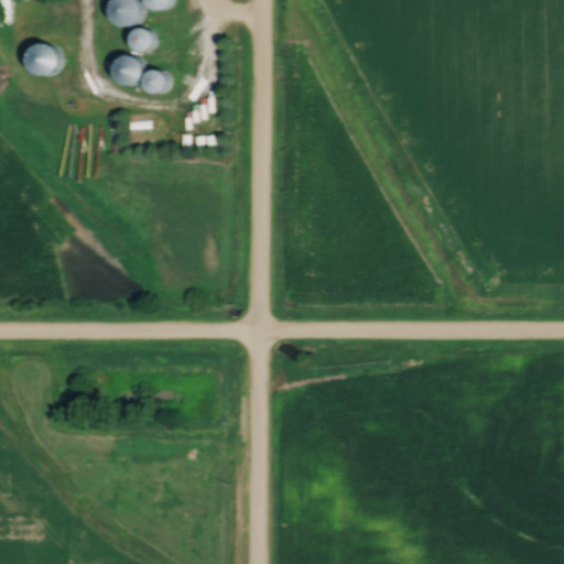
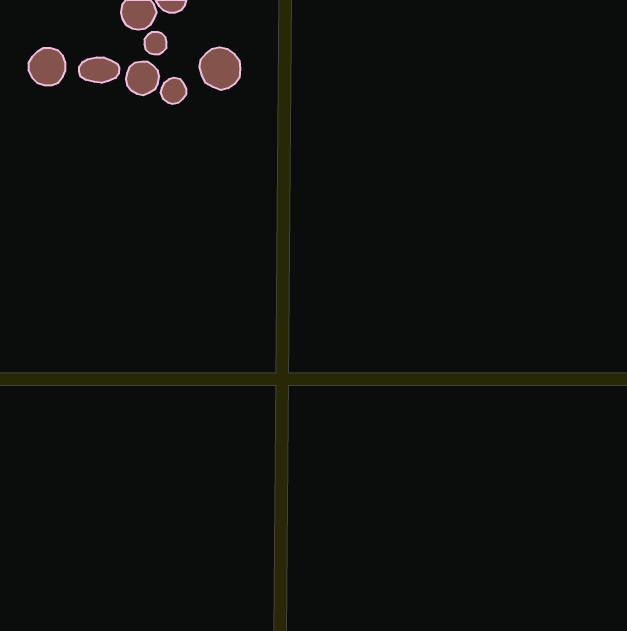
building: none -> [199,47,240,90]
building: none -> [79,57,119,83]

